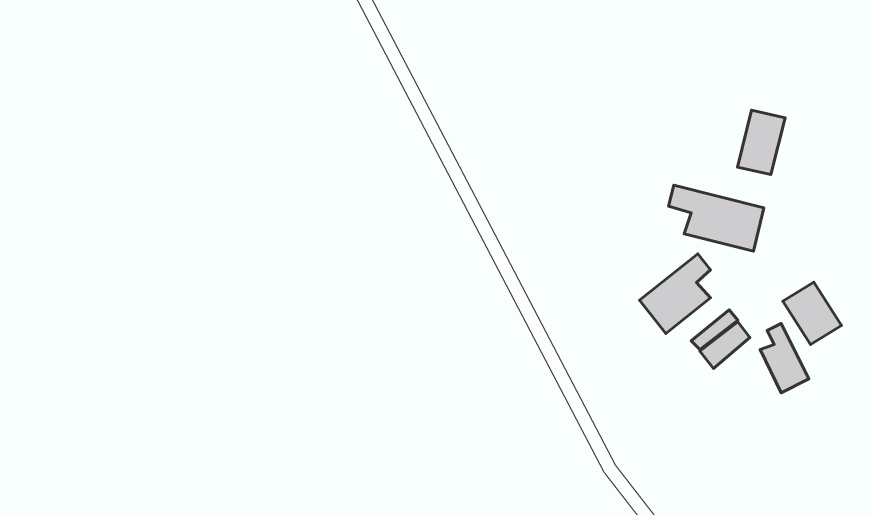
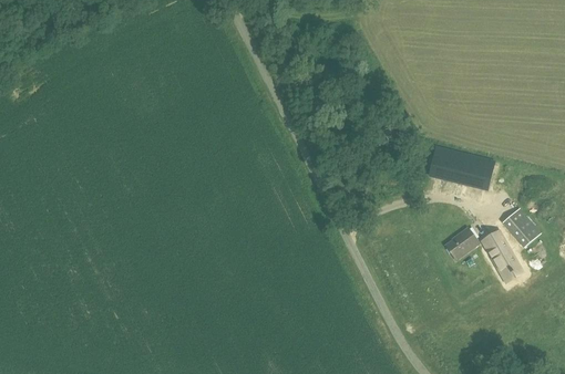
building: [737,110,785,175] -> none
building: [640,254,710,334] -> none

